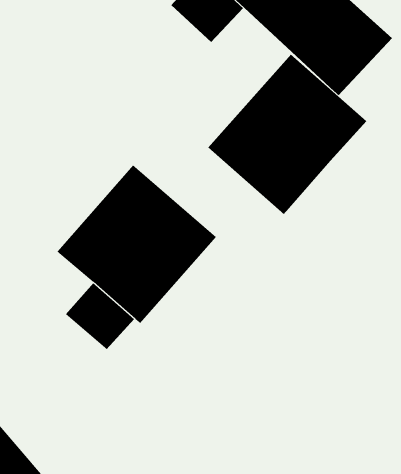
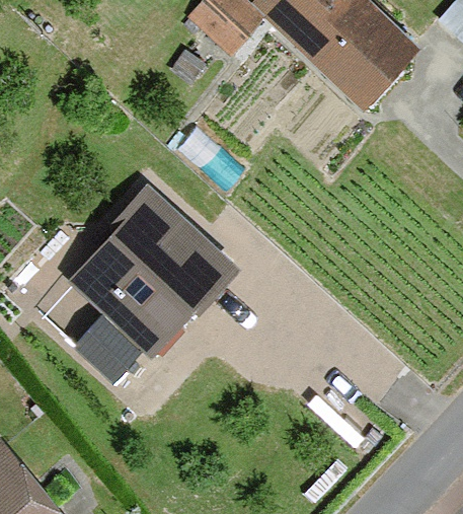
building: [207,54,367,215] -> none

